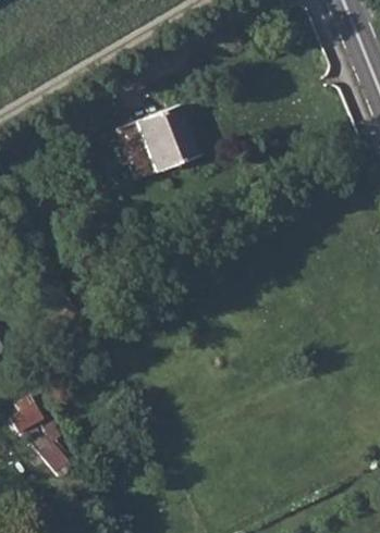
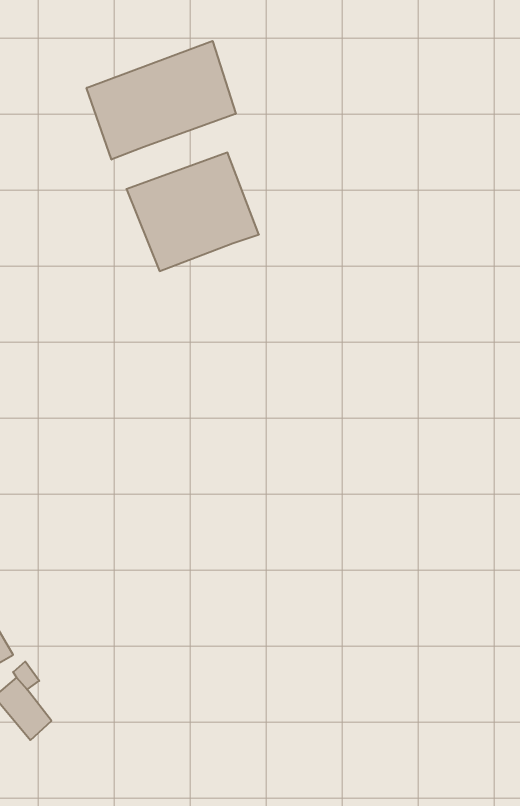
building: none -> [87,41,236,160]

